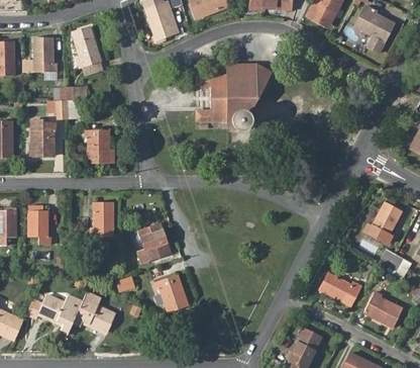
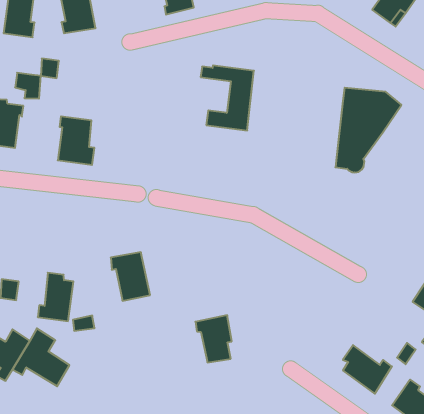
building: [225,64,270,127] -> [335,88,401,172]
building: [90,202,113,237] -> [38,273,73,321]
building: [152,271,183,308] -> [195,315,232,362]

